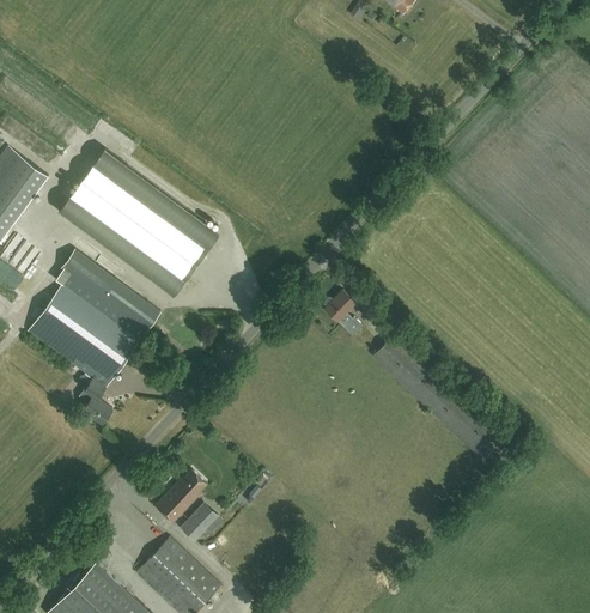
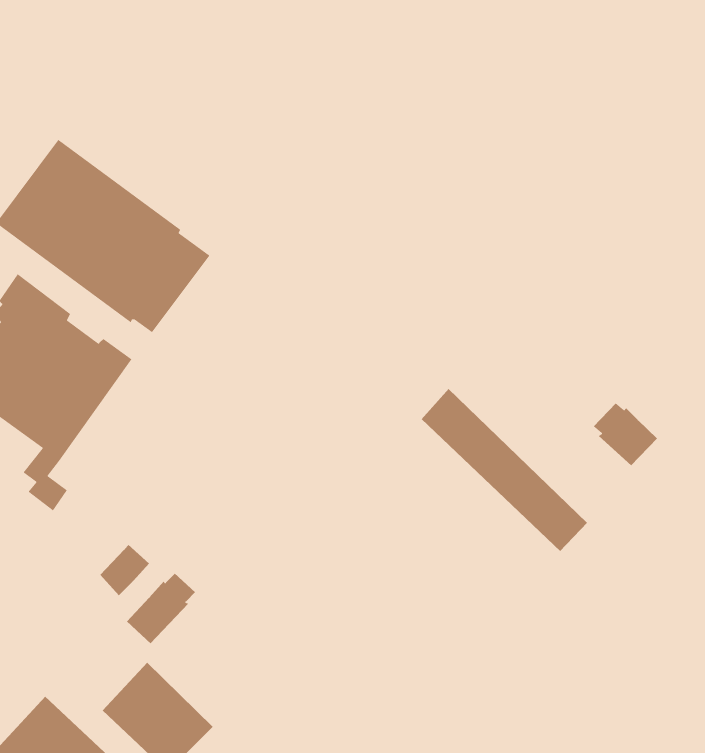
building: [324,289,363,334] -> none
building: none -> [593,402,658,466]
building: [182,503,219,541] -> [100,544,150,596]

